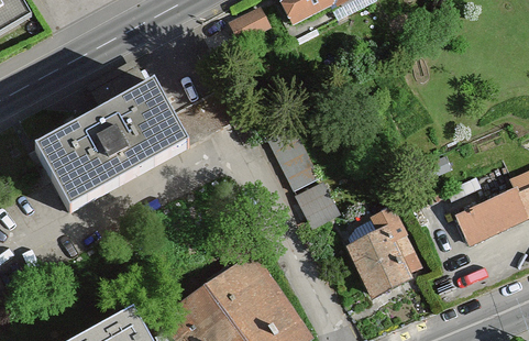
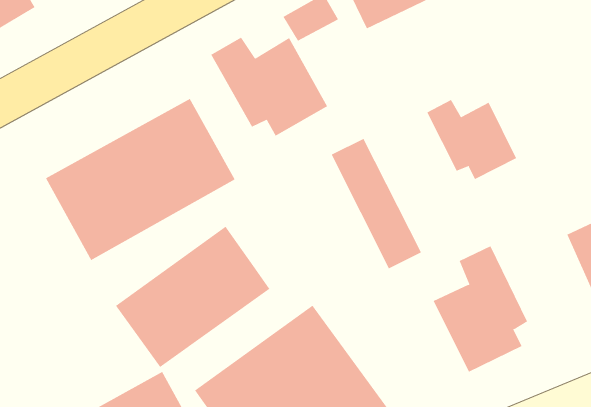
building: none -> [210,37,328,137]
building: none -> [427,99,517,180]
building: none -> [115,226,270,368]

